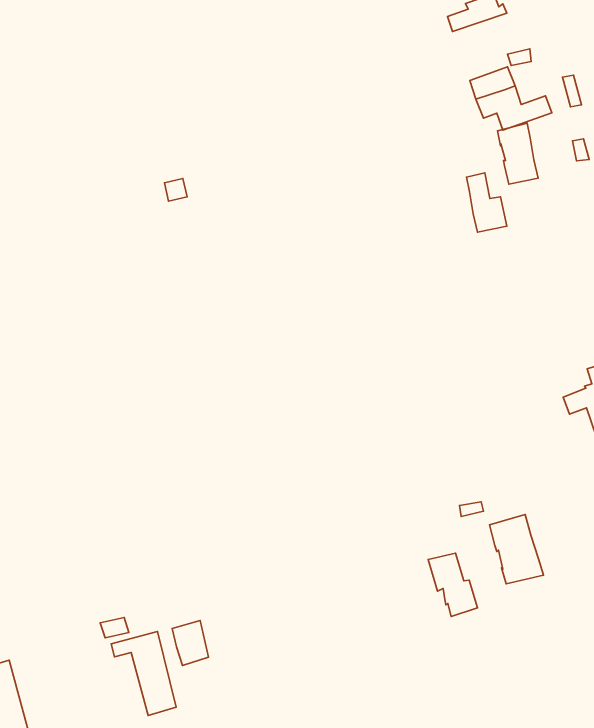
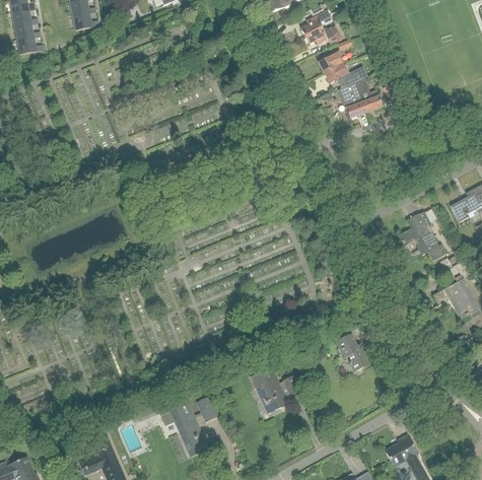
building: none -> [304,21,342,45]
building: [466,173,507,232] -> [355,78,383,113]
building: [489,514,543,584] -> none
building: none -> [253,367,301,412]

